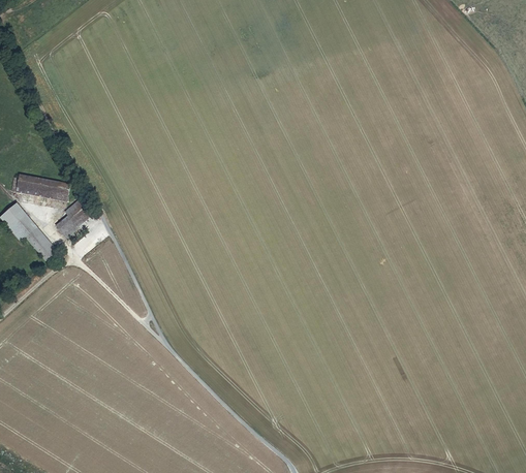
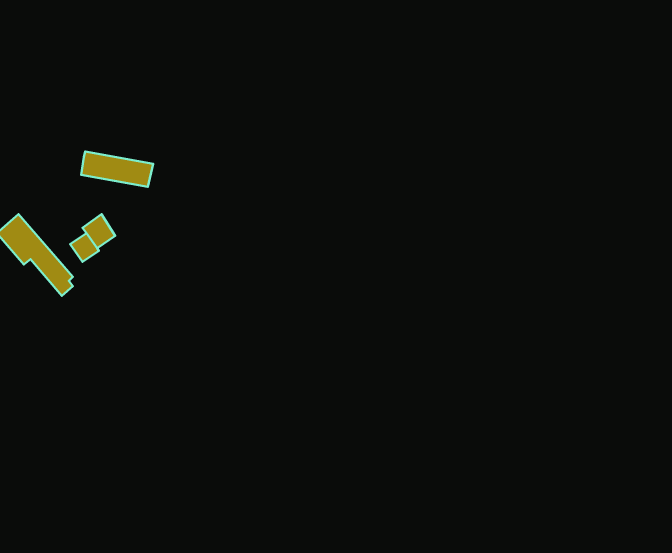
building: [14,175,69,201] -> [81,152,153,187]

